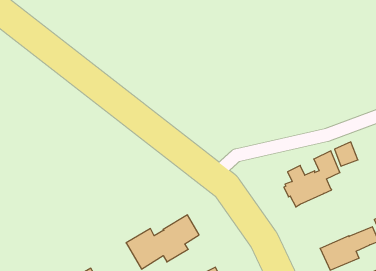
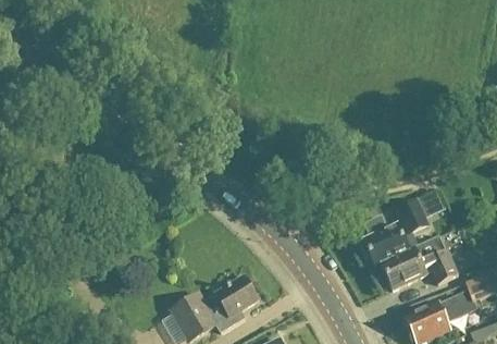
building: none -> [380,234,457,290]

